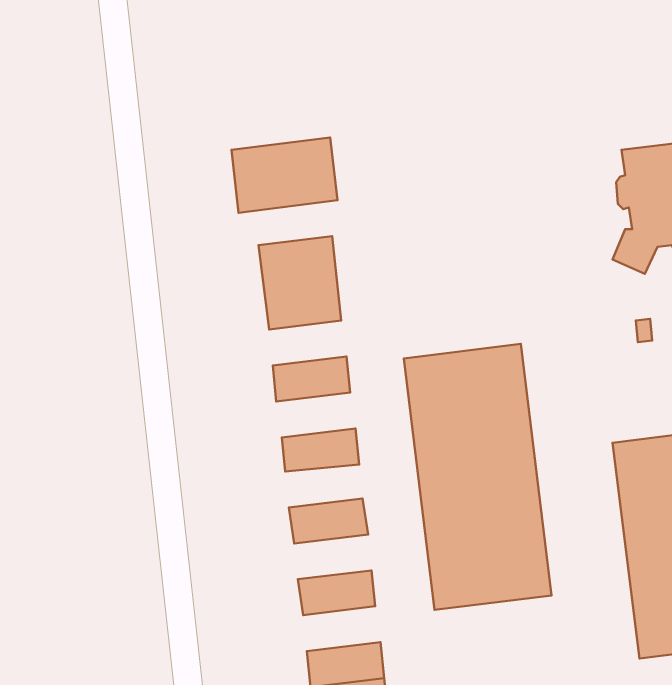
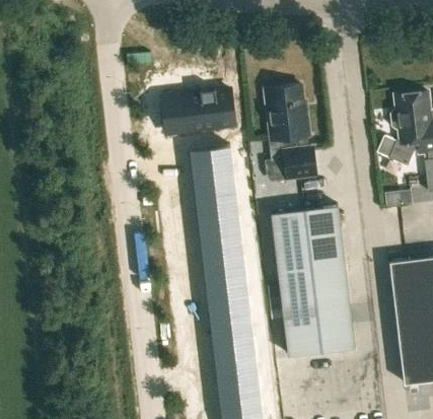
building: none -> [265,87,315,182]
building: none -> [196,194,239,219]
building: none -> [200,234,244,260]
building: none -> [205,275,248,299]
building: none -> [210,315,254,340]
building: none -> [215,355,259,380]

